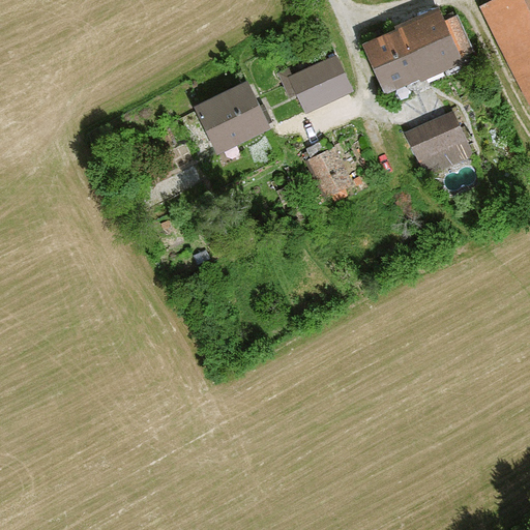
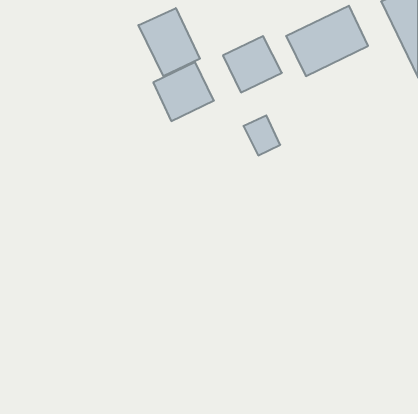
building: none -> [138,8,200,76]
building: [408,110,474,173] -> none

